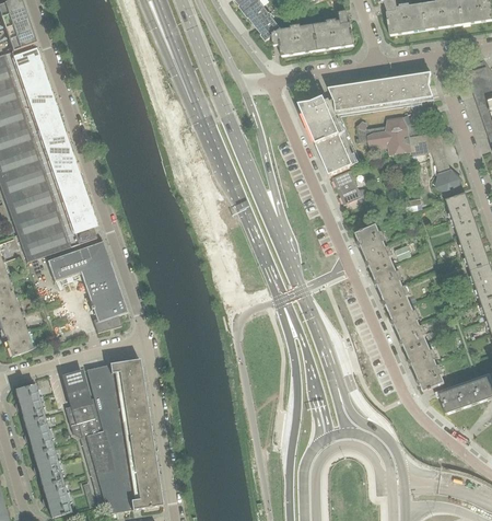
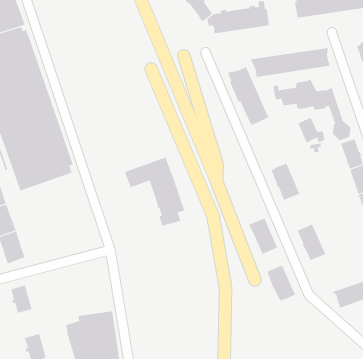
building: [332,170,368,204] -> [298,117,325,143]
building: [47,241,127,332] -> [124,157,185,226]
building: [372,264,410,312] -> [249,218,278,255]
building: [407,343,445,391] -> [266,265,296,302]
building: [86,358,149,424] -> none
building: [62,370,99,437] -> none
building: [24,415,54,452] -> none

